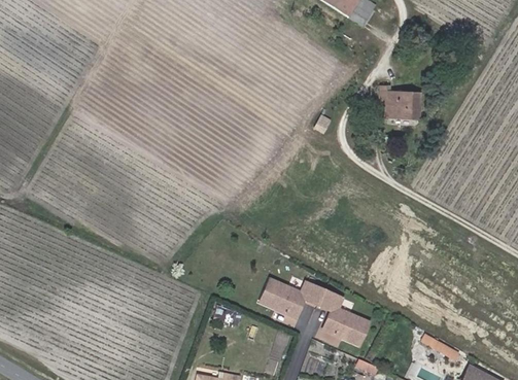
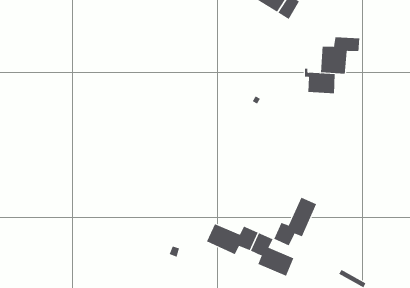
building: none -> [321,36,360,74]
building: none -> [273,197,317,246]

